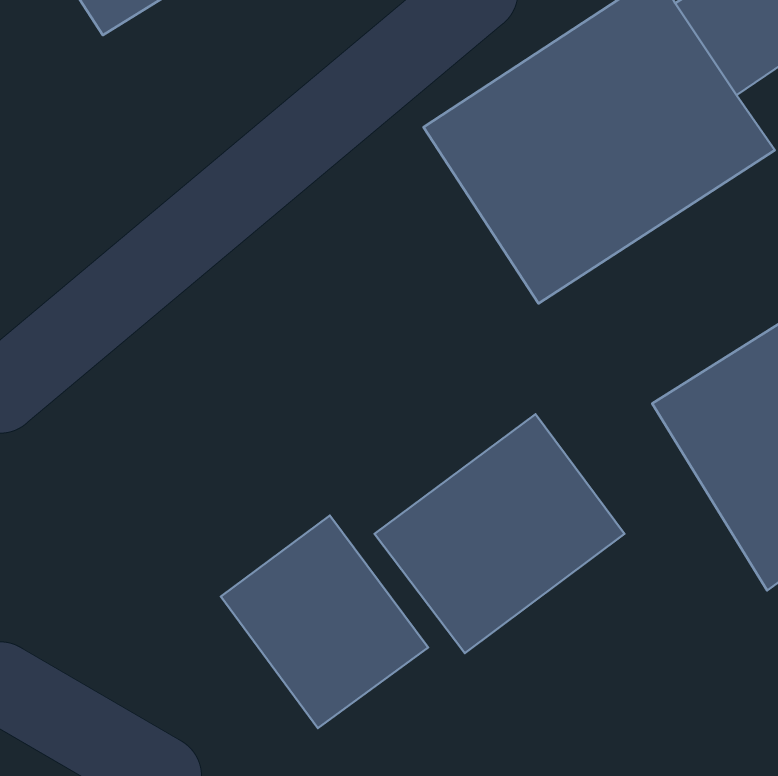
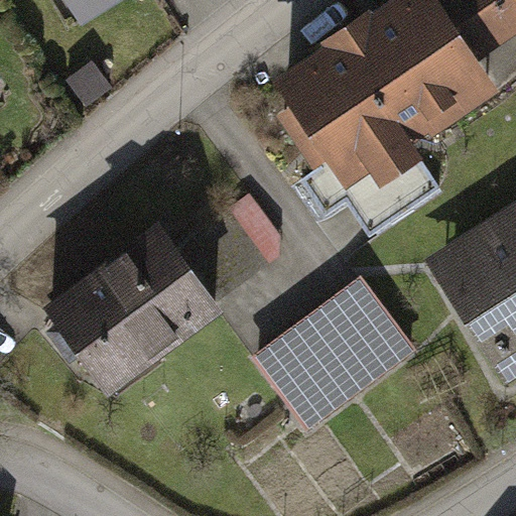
building: none -> [34,219,222,398]
building: [221,515,428,728] -> none

